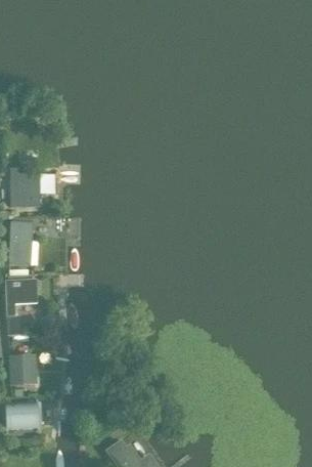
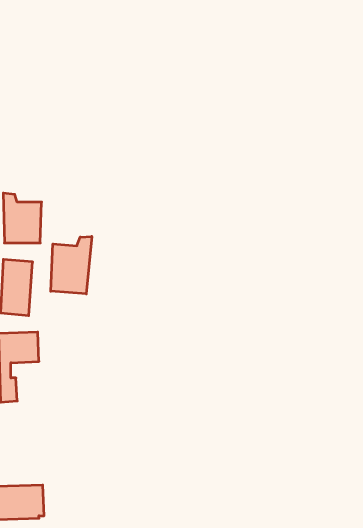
building: none -> [51,236,92,294]
building: [11,355,37,383] -> none

